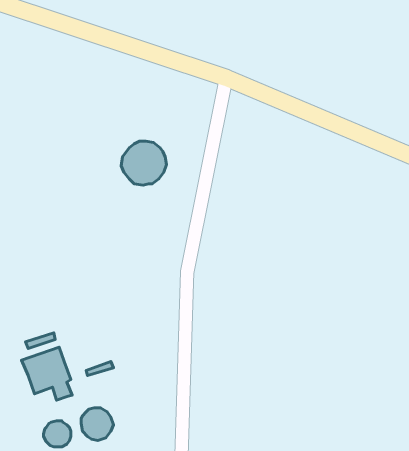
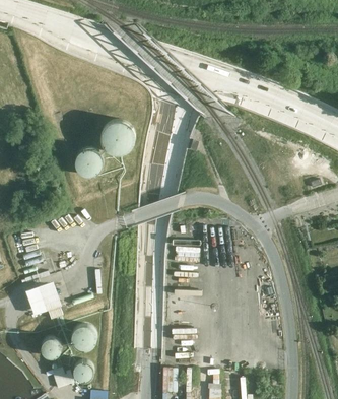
building: none -> [74,149,102,177]

